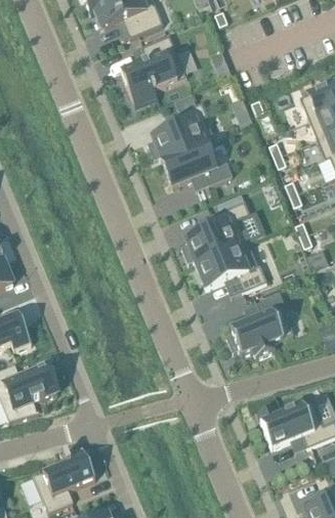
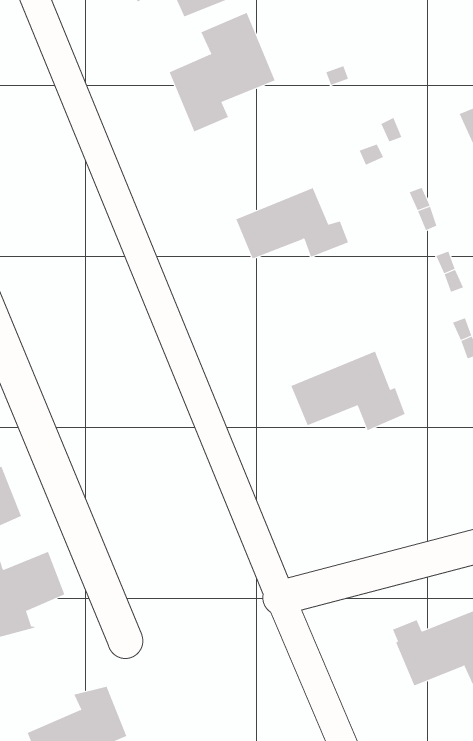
building: [148,99,215,159] -> none
building: [181,199,250,261] -> none
building: [226,291,293,354] -> none

